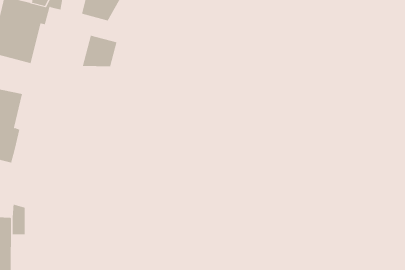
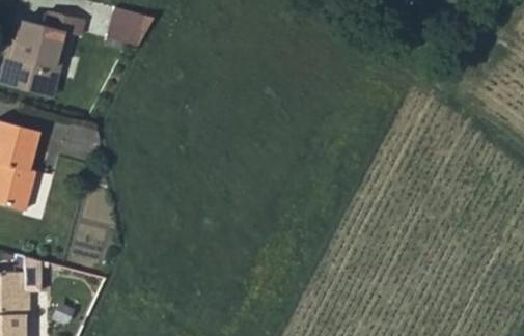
building: [82,35,117,67] -> none

